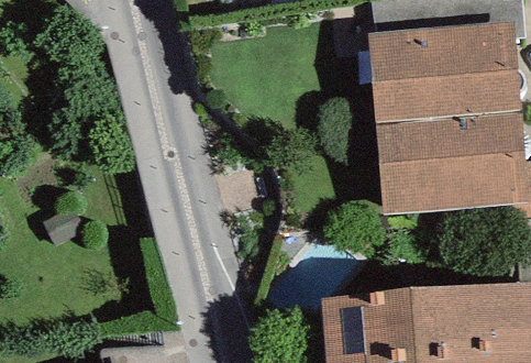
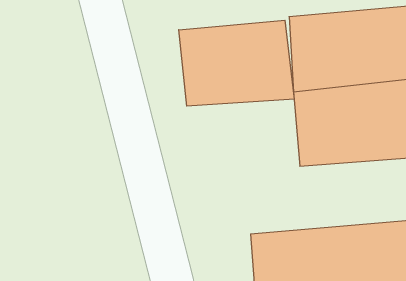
building: none -> [179,20,294,106]

